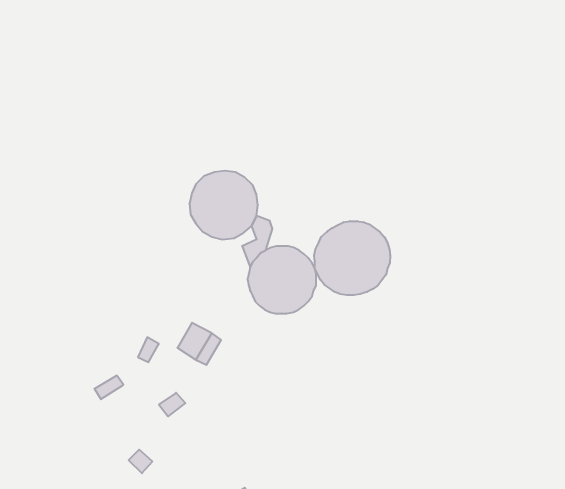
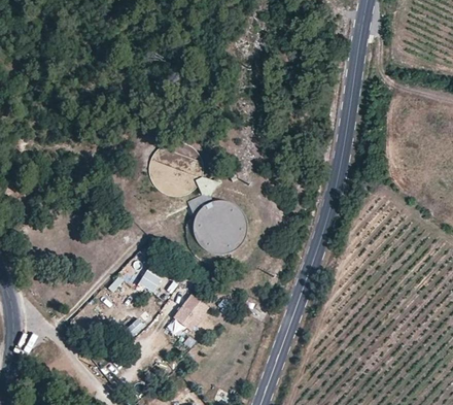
building: [314,221,390,295] -> none
building: none -> [173,294,208,332]

